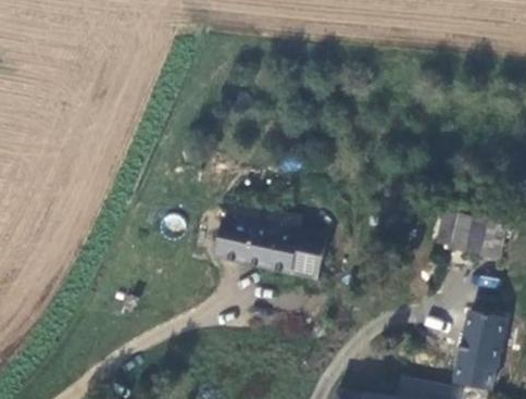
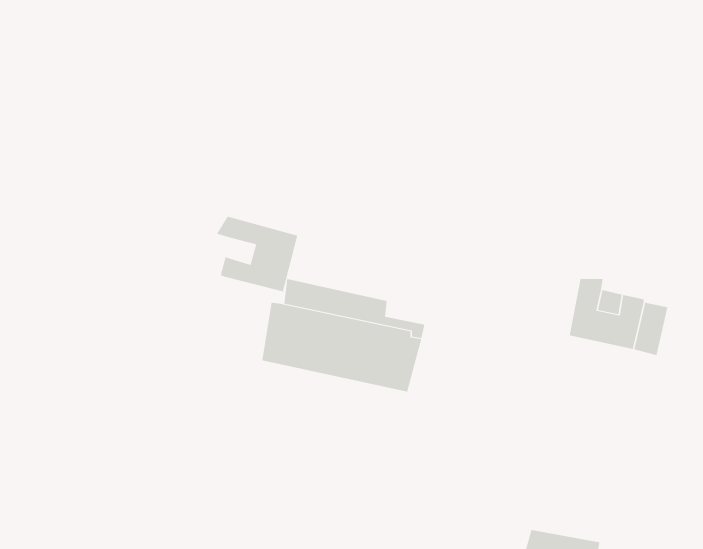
building: none -> [216,216,298,292]
building: [453,309,504,387] -> none

